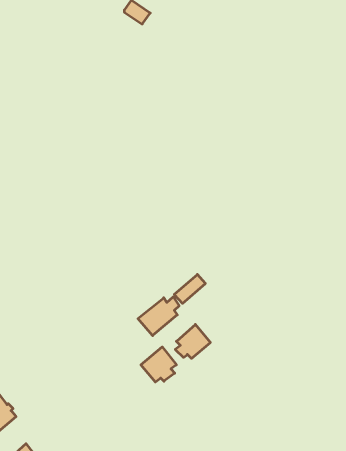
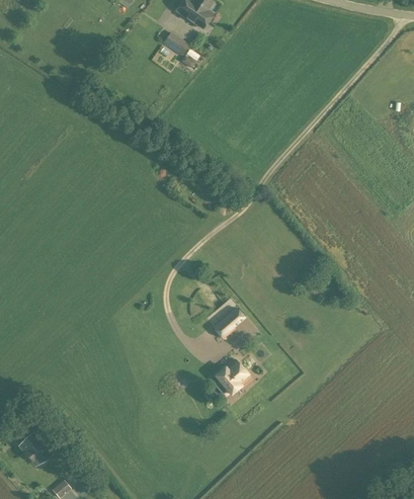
building: [138,297,179,336] -> none
building: [141,347,176,382] -> none

